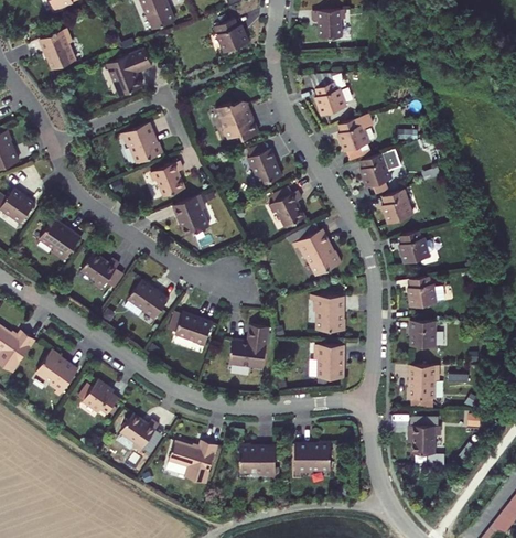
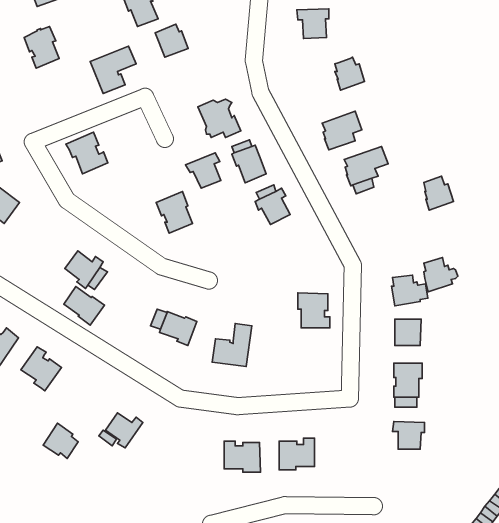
building: [214,19,247,52] -> [155,24,188,57]
building: [315,84,345,117] -> [335,57,365,90]
building: [120,122,162,164] -> [66,132,108,174]
building: [148,161,183,196] -> [186,153,221,188]
building: [381,191,411,225] -> [424,176,453,210]
building: [37,219,79,262] -> none
building: [297,228,343,275] -> none
building: [398,232,432,266] -> [424,258,458,292]
building: [127,281,168,320] -> [64,287,104,325]
building: [314,346,343,379] -> none
building: [83,380,118,416] -> [43,423,78,458]
building: [166,441,217,484] -> none

